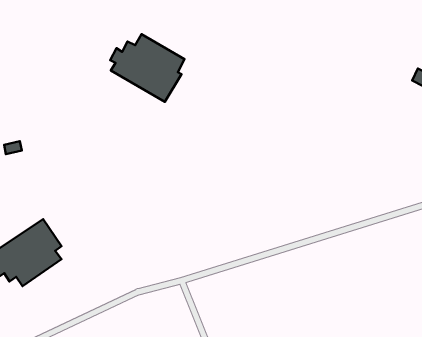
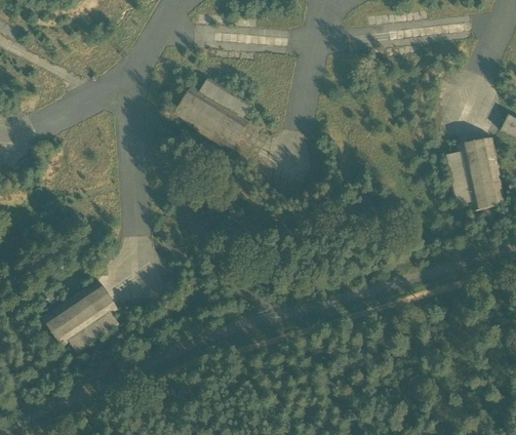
building: none -> [445,135,507,216]

